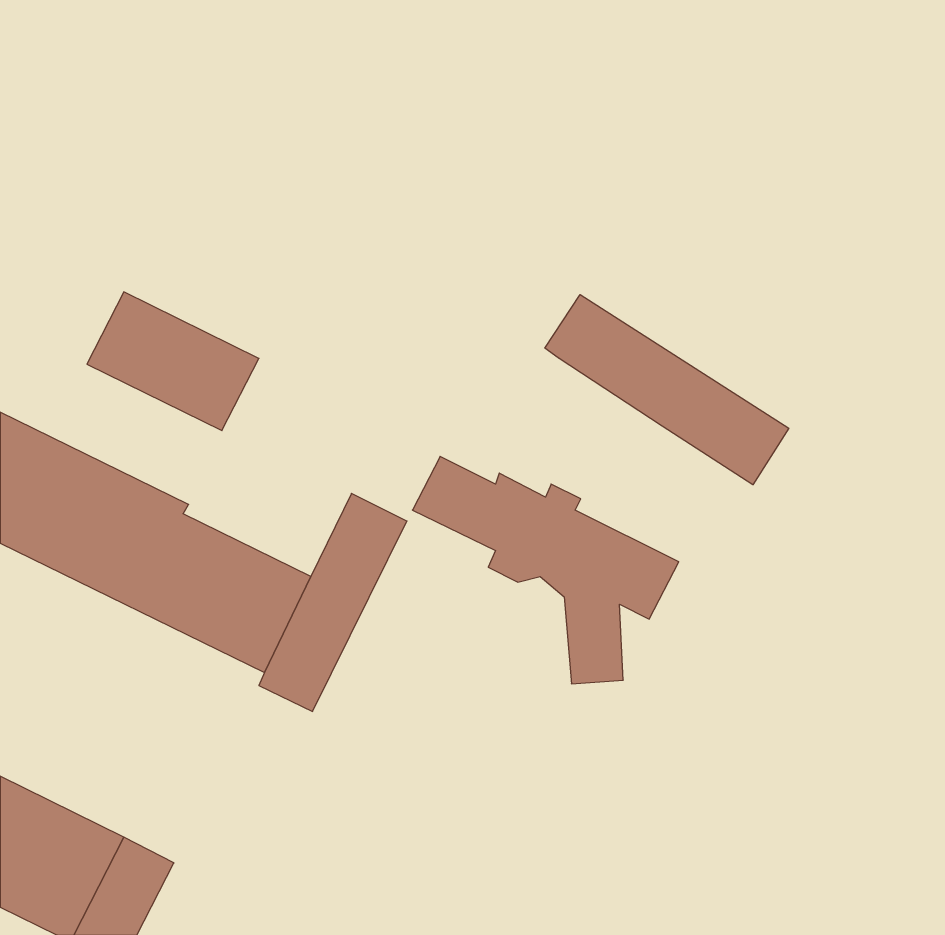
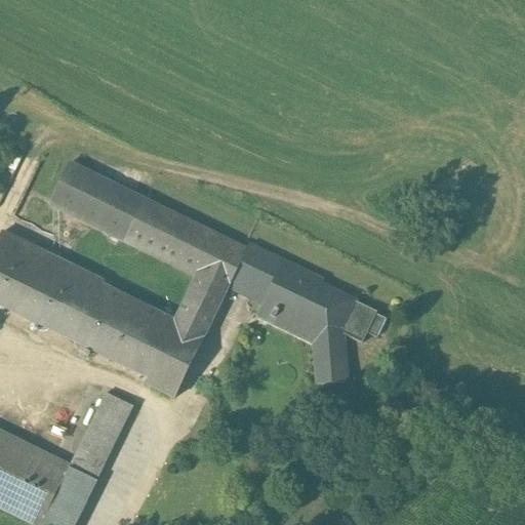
building: [545,295,789,485] -> none
building: none -> [123,199,245,289]
building: none -> [69,391,133,479]

